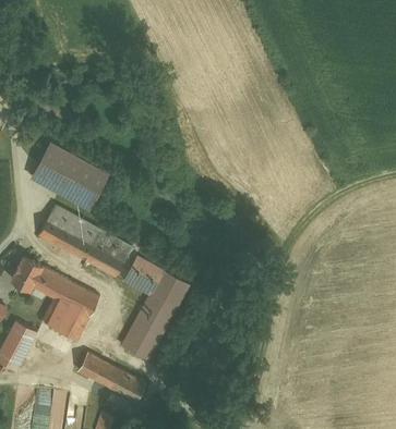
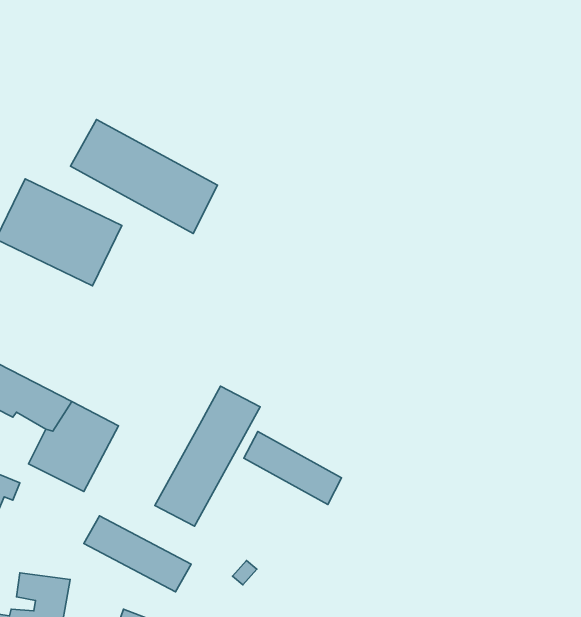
building: [39,205,132,277] -> [71,120,218,234]
building: [124,256,165,295] -> none
building: none -> [244,432,341,504]

